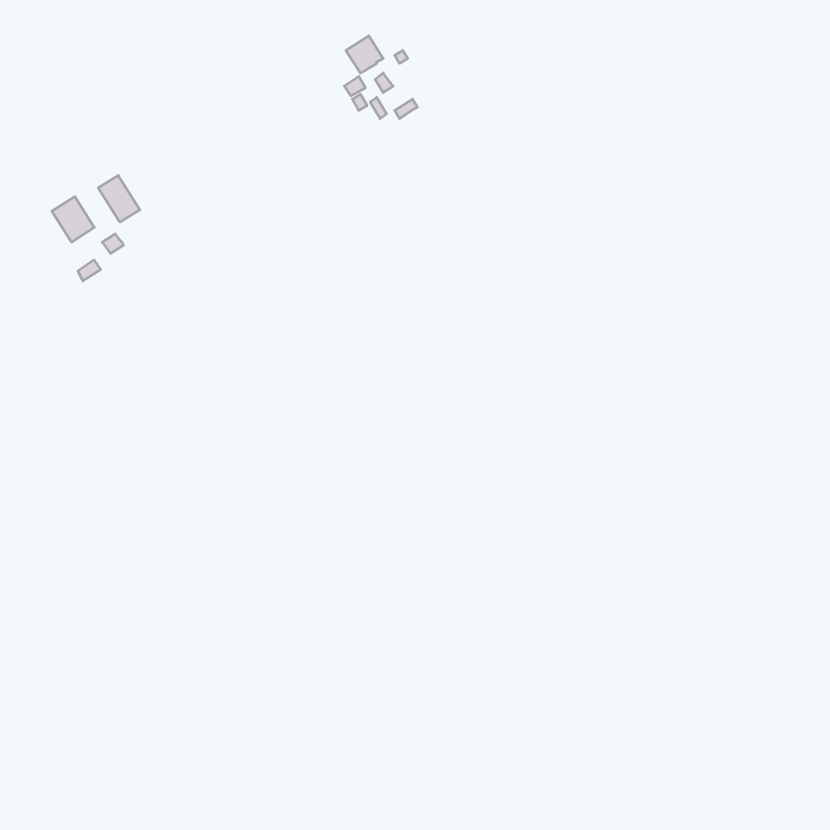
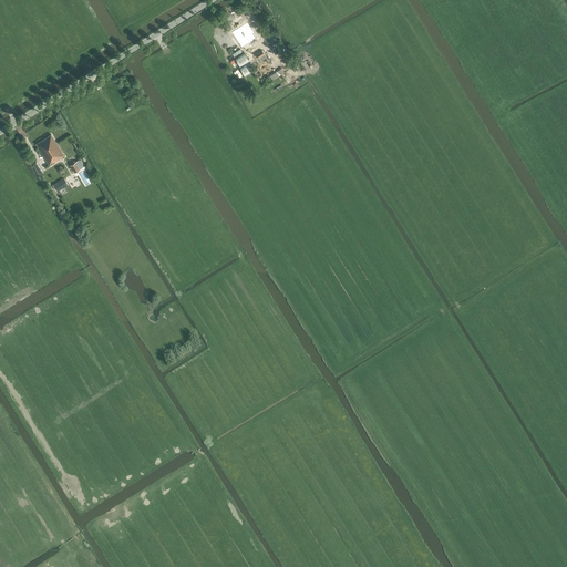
building: [98,175,140,222] -> none

